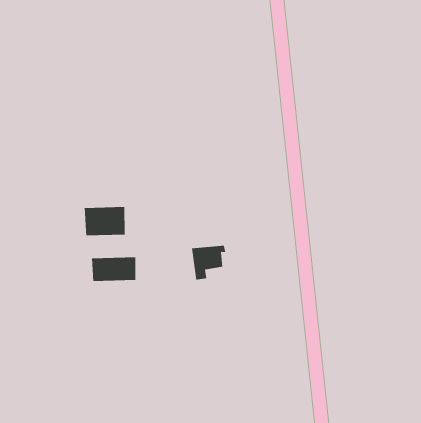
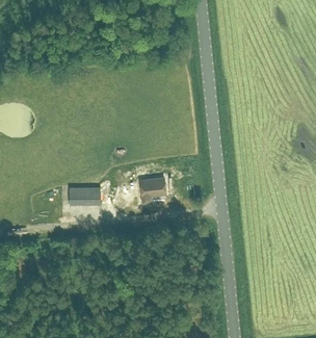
building: [84,206,125,236] -> none

